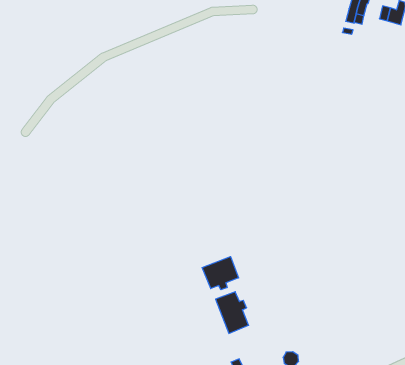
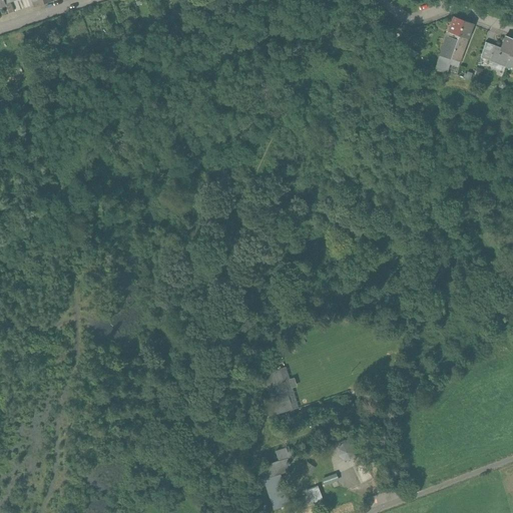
building: [202,257,239,290] -> none

